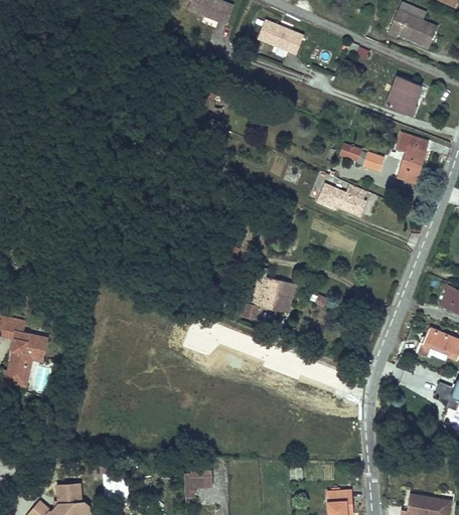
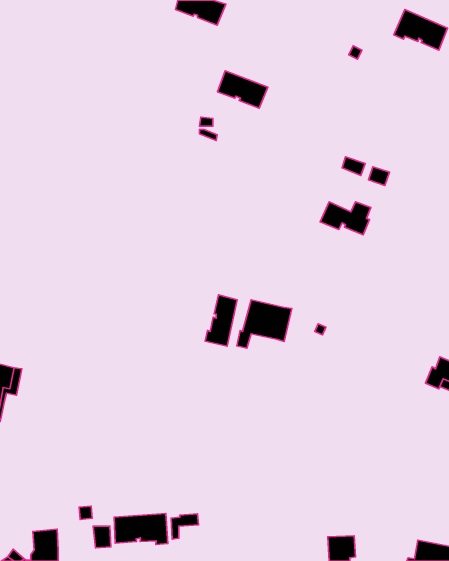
building: [258,19,304,53] -> [217,71,268,108]
building: [387,75,420,115] -> none
building: [397,133,427,182] -> none
building: none -> [205,295,237,346]
building: none -> [114,513,168,545]

